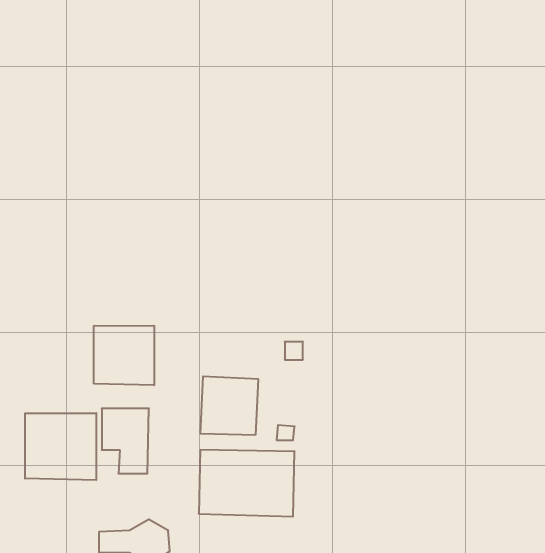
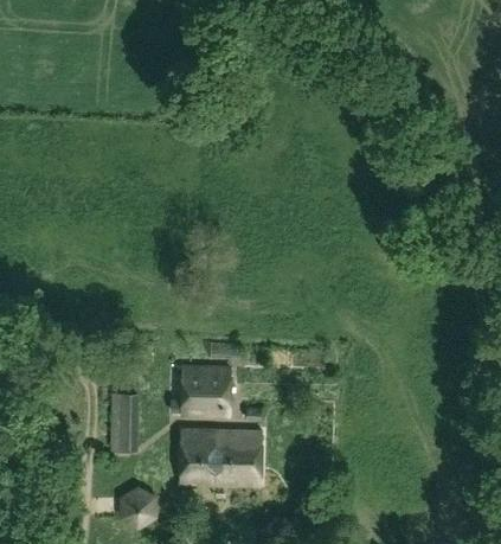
building: [94,326,154,385] -> none
building: [25,413,96,480] -> none

